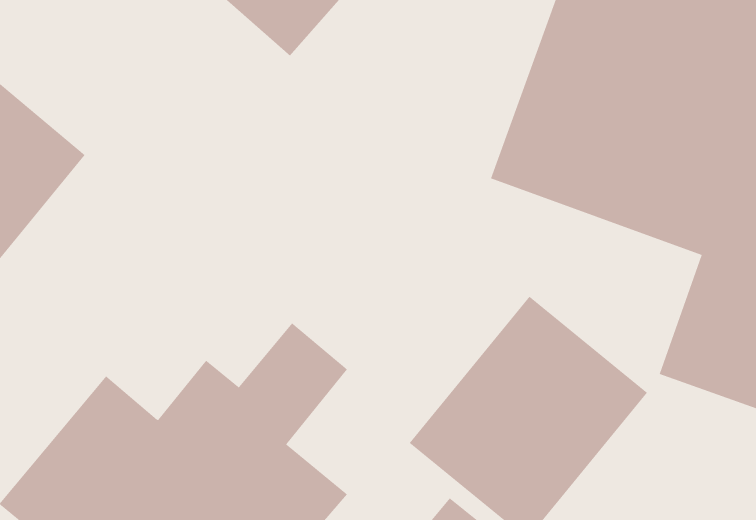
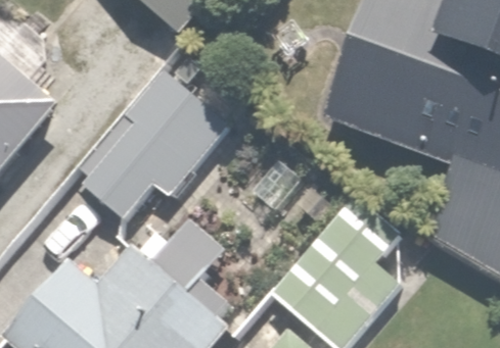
building: none -> [80,70,223,213]

